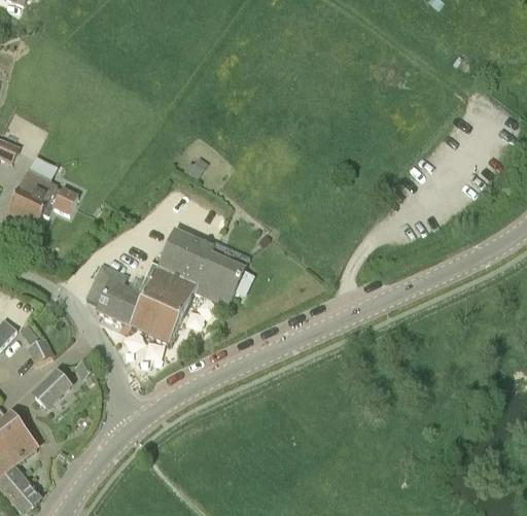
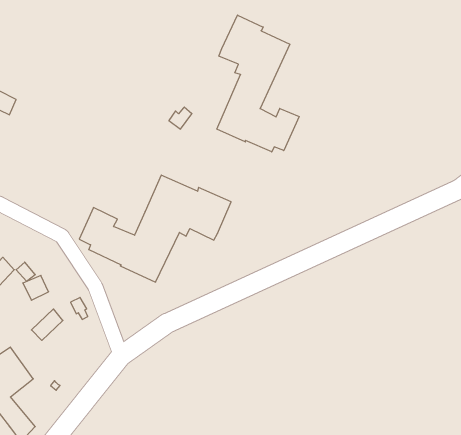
building: none -> [217,15,299,152]
building: [6,168,77,225] -> none

